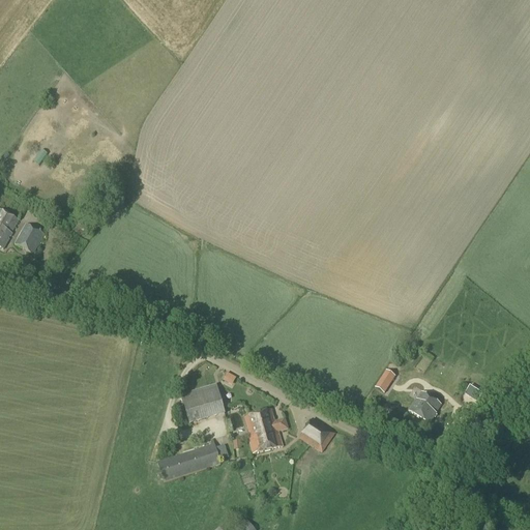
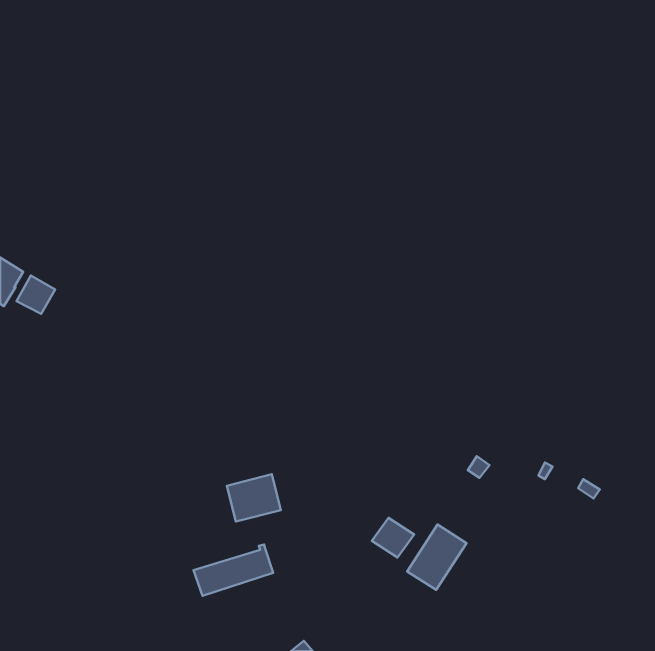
building: [409,391,441,423] -> none
building: [243,408,288,453] -> none
building: none -> [407,525,467,590]

